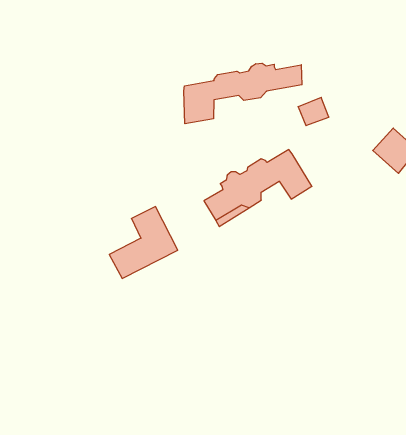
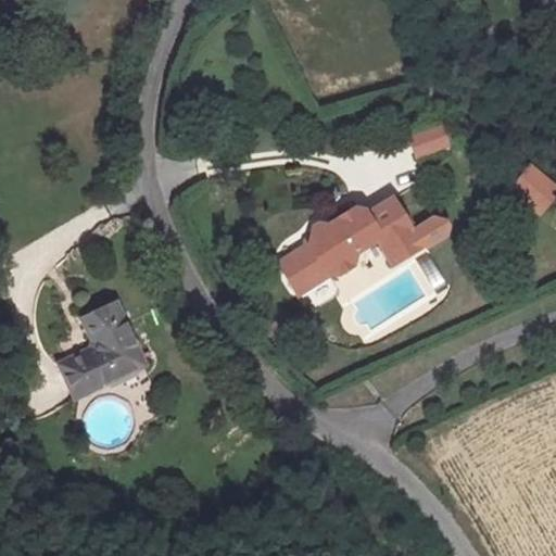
building: [184,63,302,124] -> none
building: [109,207,178,278] -> [56,308,143,400]

